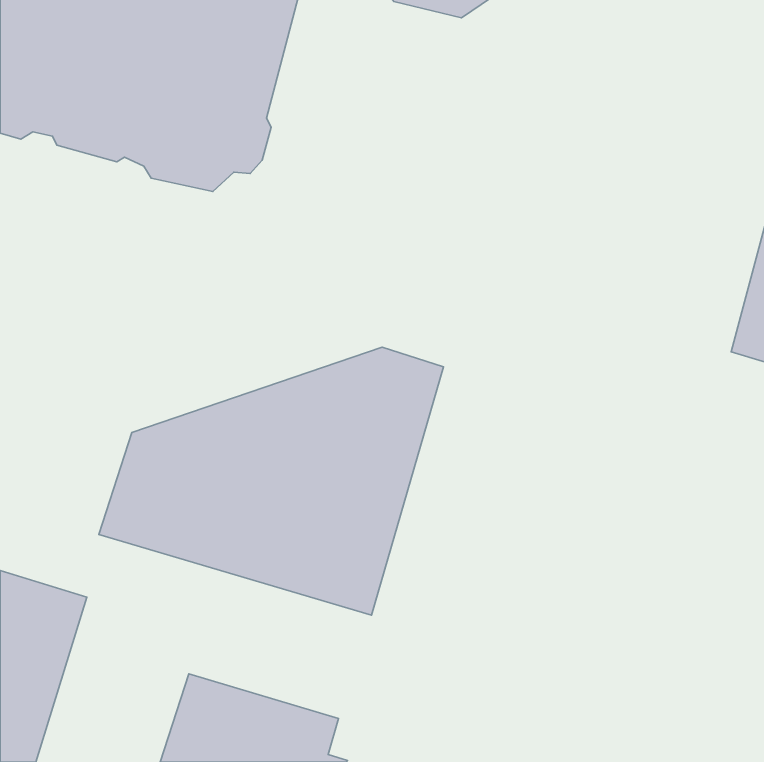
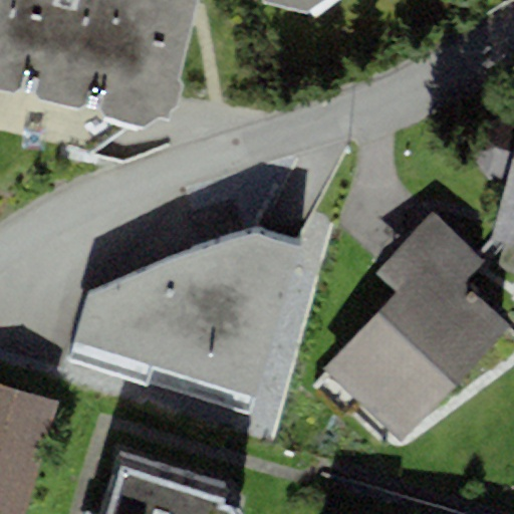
building: none -> [324,210,509,439]

